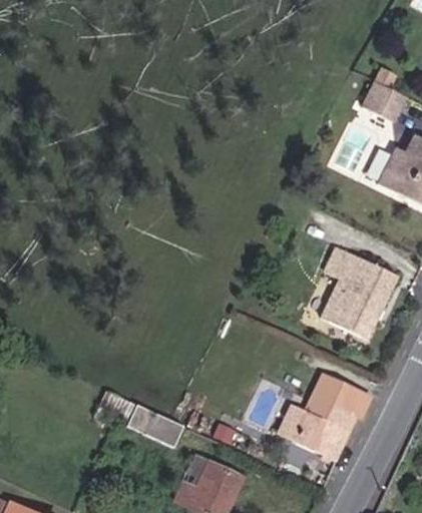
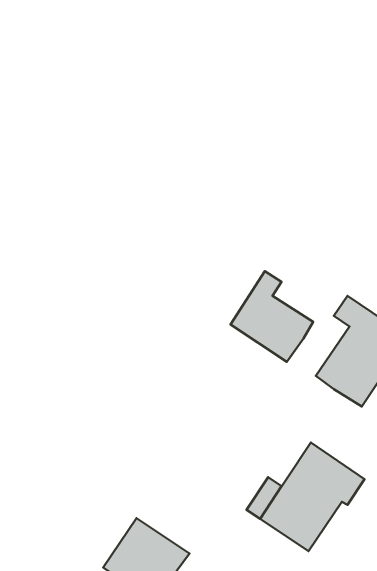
building: none -> [230,271,313,362]
building: [122,399,175,439] -> none

